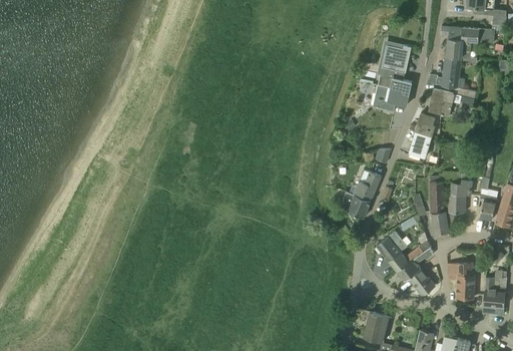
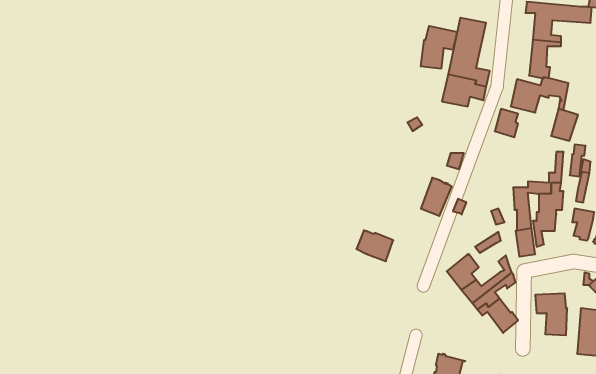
building: none -> [421,26,457,69]
building: [409,131,431,157] -> [551,109,578,141]
building: [340,193,370,218] -> [356,230,393,261]

